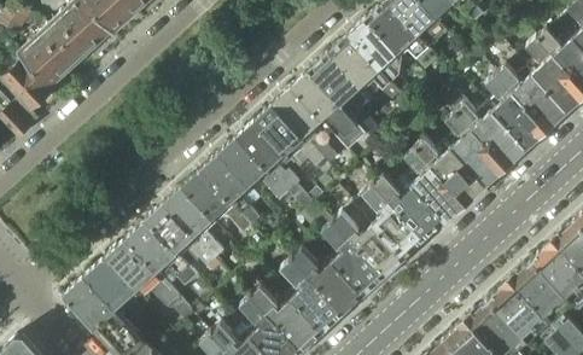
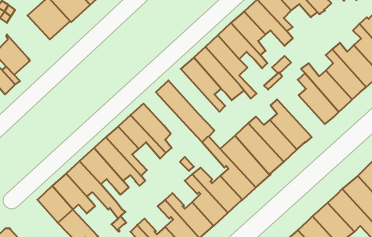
building: [18,24,81,87] -> none
building: [255,103,330,171] -> none
building: [218,136,287,200] -> none
building: [414,138,484,203] -> none

